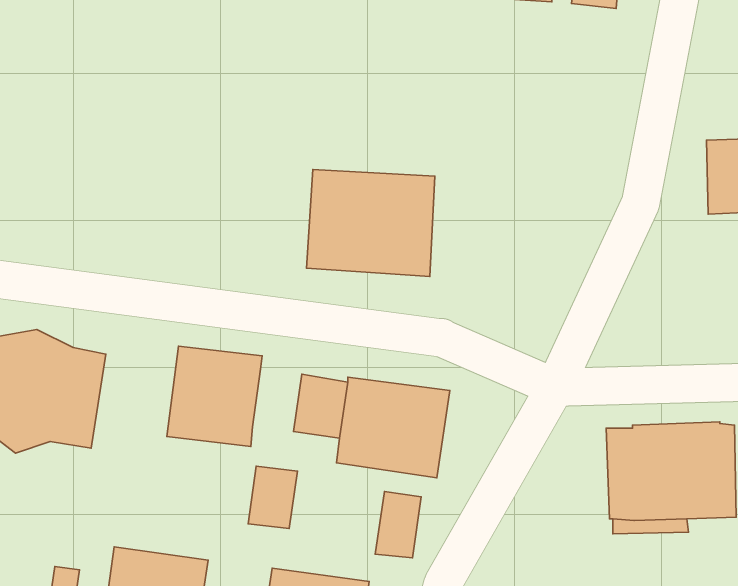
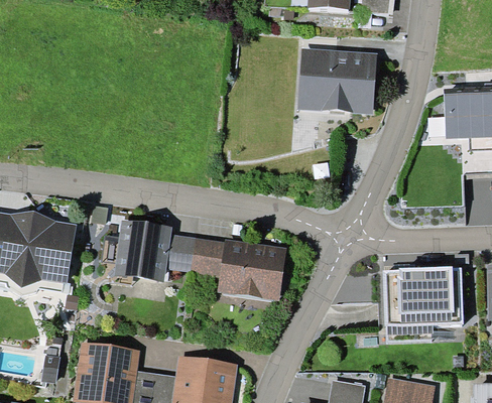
building: [306,169,435,276] -> [298,48,377,114]
building: [248,466,297,529] -> [166,234,197,272]
building: [375,492,421,558] -> none

